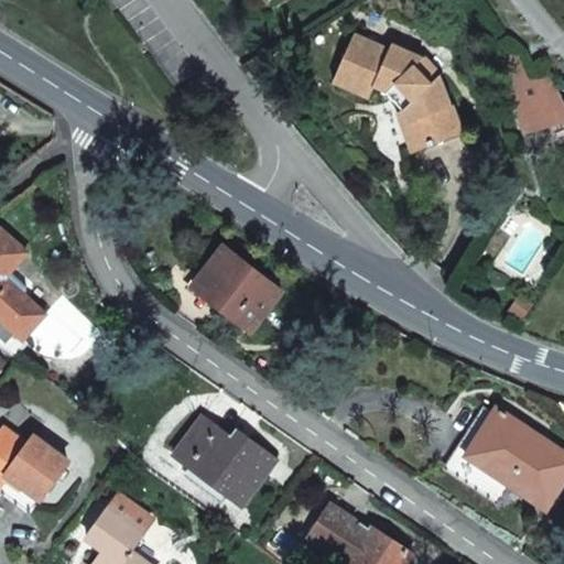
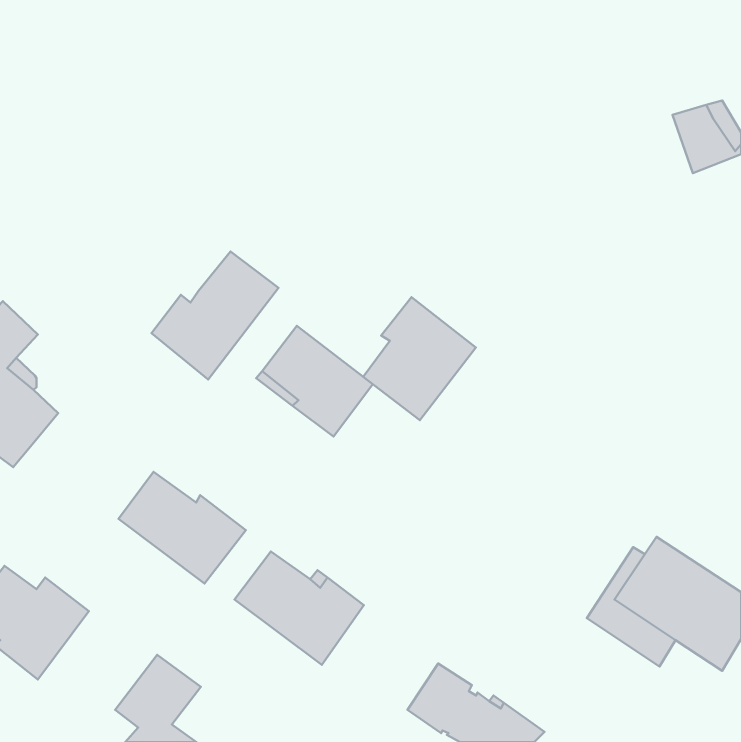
building: [332,34,462,150] -> none
building: none -> [151,251,278,379]
building: none -> [363,297,476,420]
building: none -> [118,472,246,583]

